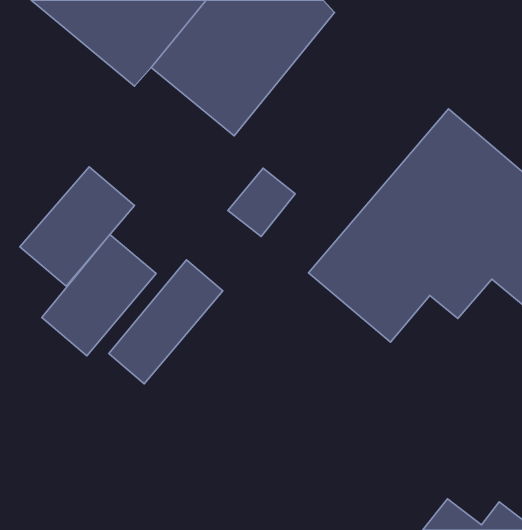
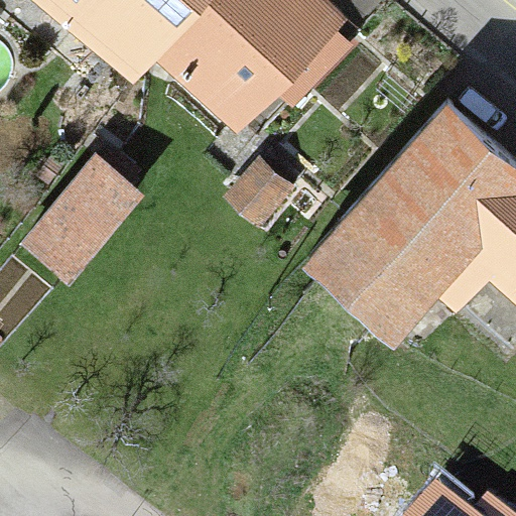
building: [42,235,156,356] -> none
building: [109,260,223,384] -> none

